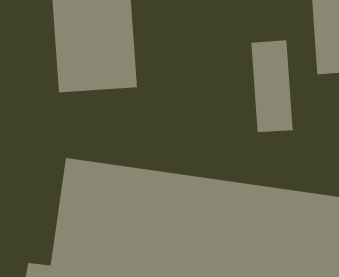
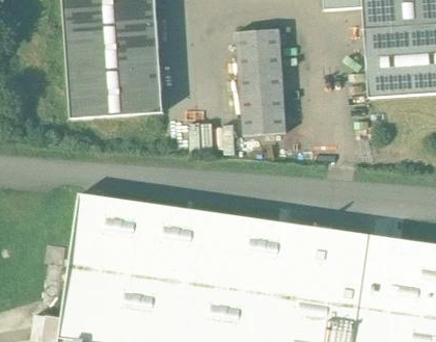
building: [251,40,294,132] -> [237,28,287,135]

